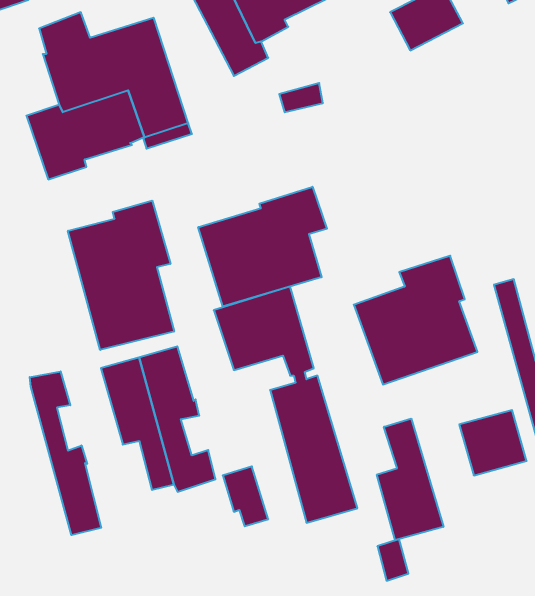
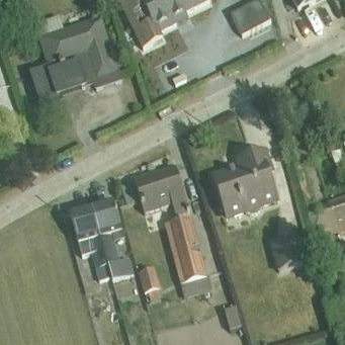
building: [198,187,327,307] -> none
building: [68,201,174,350] -> none
building: [30,371,101,535] -> none
building: [377,419,443,540] -> none

